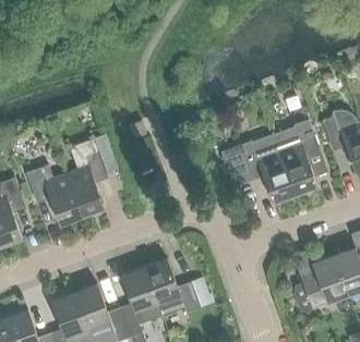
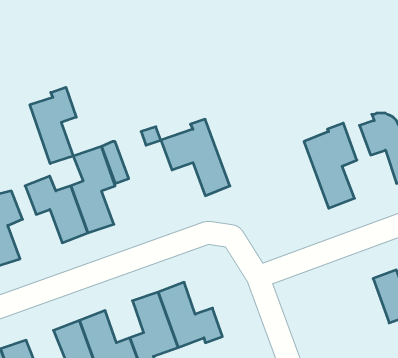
building: none -> [30,87,76,164]
building: [233,135,295,203] -> [161,119,230,196]
building: [293,256,348,315] -> none

